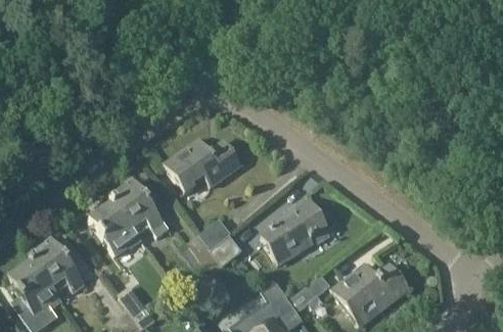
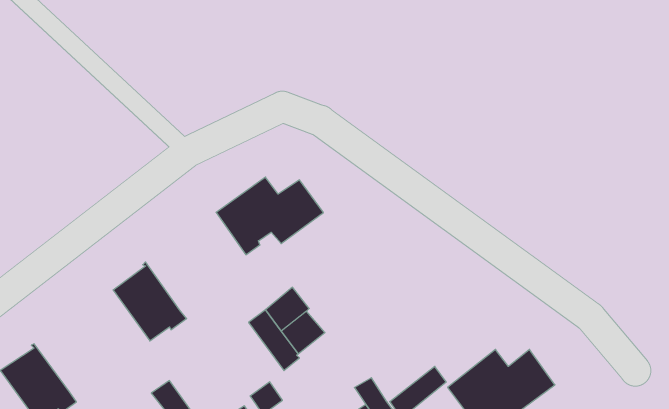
building: [110,180,169,237] -> none
building: [260,199,326,264] -> none
building: [30,239,85,293] -> none

